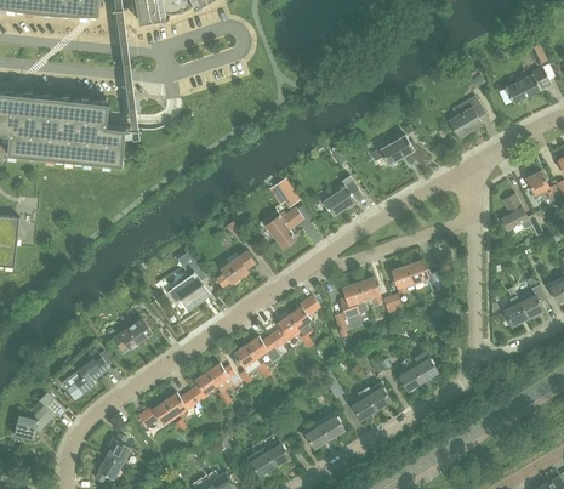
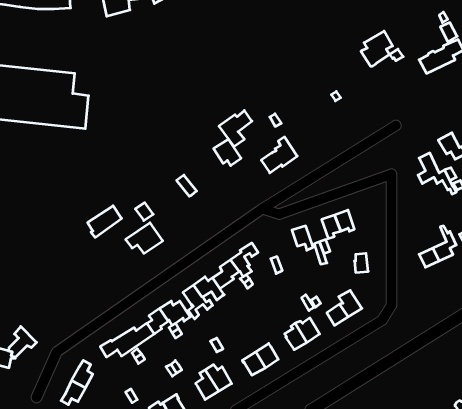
building: [448,96,484,136] -> [361,31,393,66]
building: [369,132,429,166] -> none
building: [264,206,302,248] -> [219,110,252,146]
building: [216,251,253,284] -> none
building: [341,282,366,317] -> none
building: [112,318,150,354] -> [88,206,122,237]
building: [65,348,107,398] -> none

